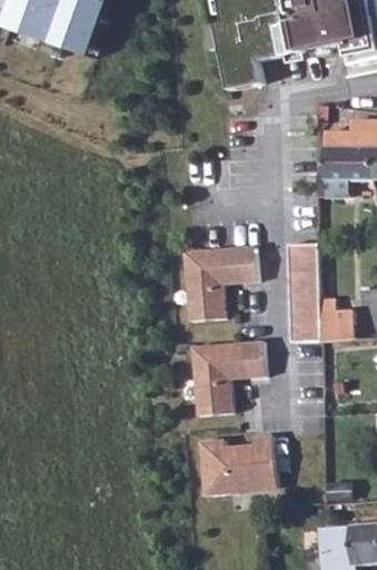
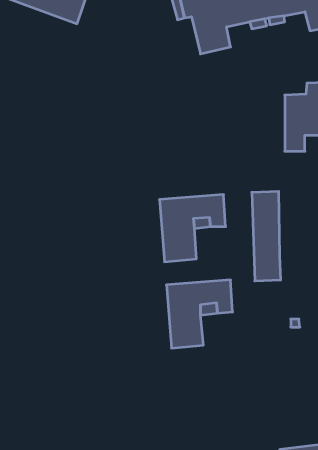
building: [318,309,354,342] -> none
building: [200,434,278,494] -> none

